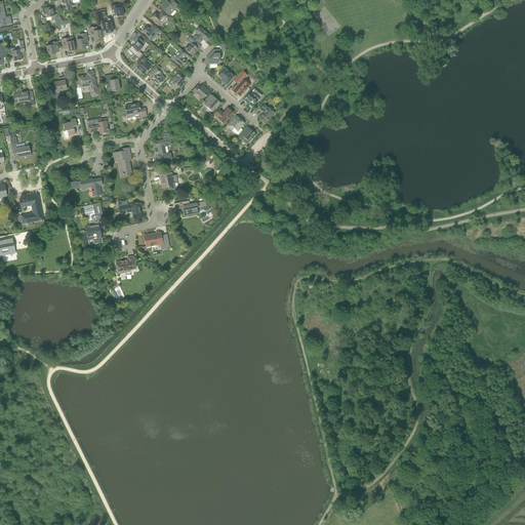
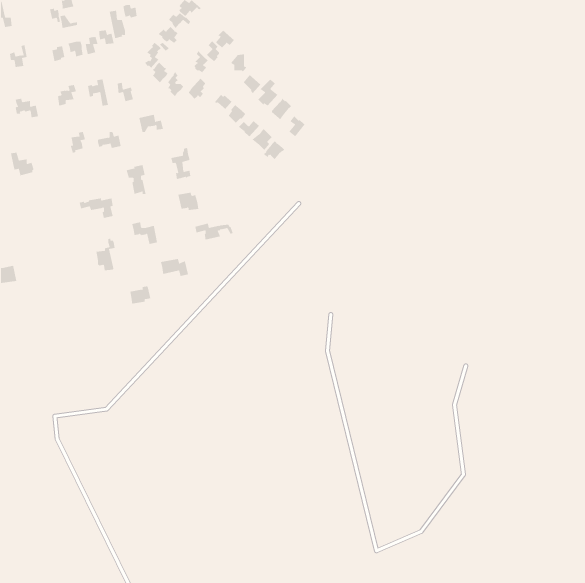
building: [16,194,43,225] -> none

